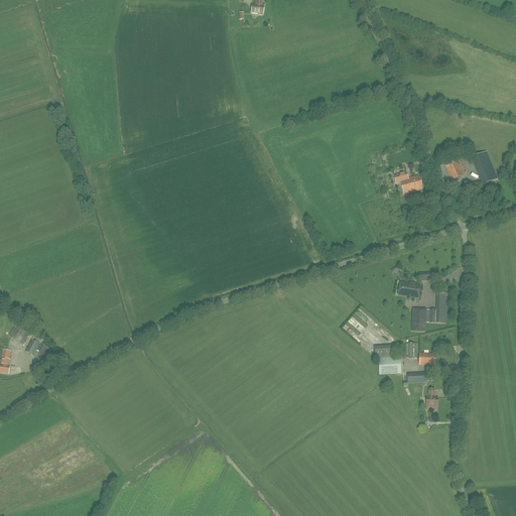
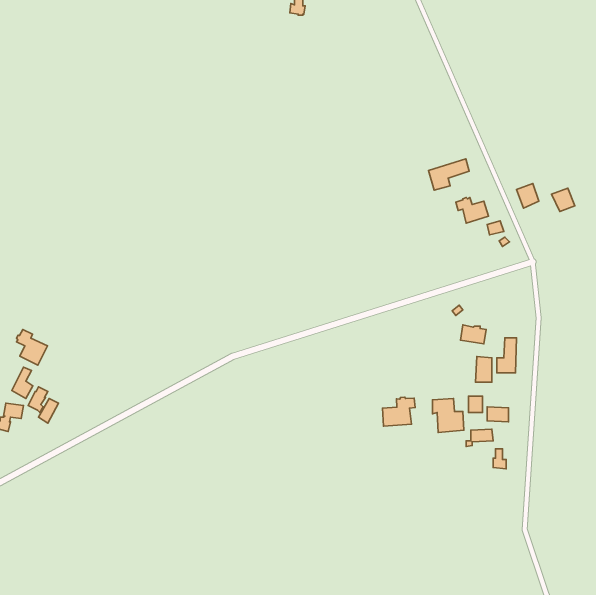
building: none -> [428,159,469,190]
building: none -> [16,330,47,365]
building: none -> [382,397,415,426]

